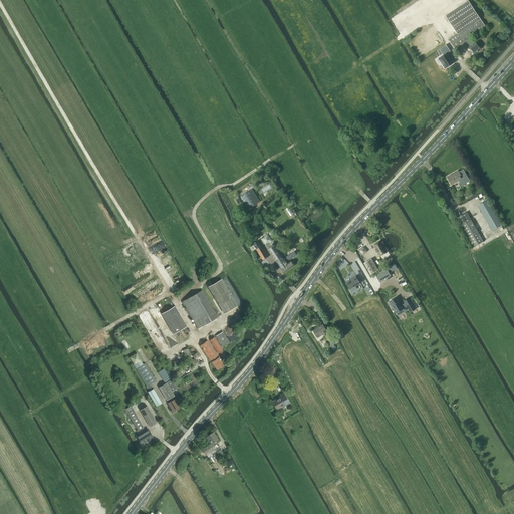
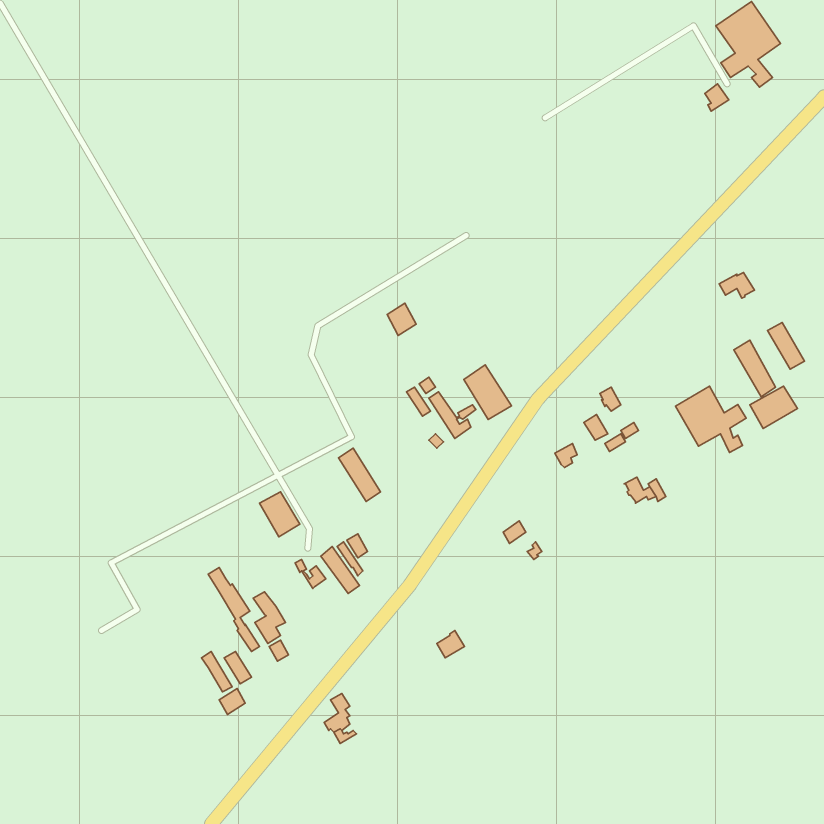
building: none -> [464,365,511,419]
building: none -> [750,386,797,429]
building: none -> [675,386,746,453]
building: [183,290,218,328] -> none

